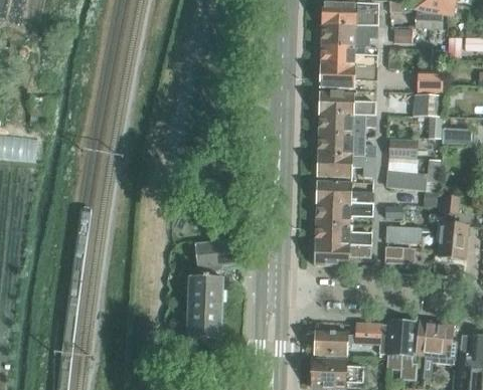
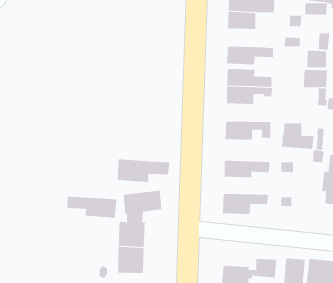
building: [320,44,377,67] -> none
building: [318,135,374,157] -> none
building: [388,138,417,158] -> none
building: [316,182,373,205] -> none
building: none -> [117,159,171,183]
building: [315,223,370,244] -> none
building: [384,225,432,242] -> none
building: none -> [67,196,117,218]

